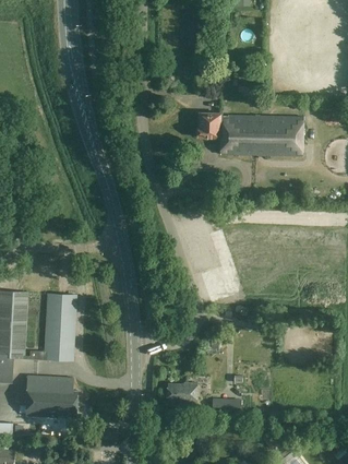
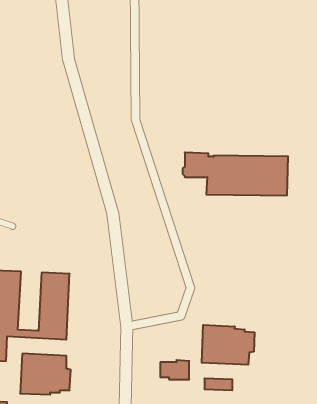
building: [195,111,302,155] -> [183,152,288,195]
building: none -> [202,325,254,365]

